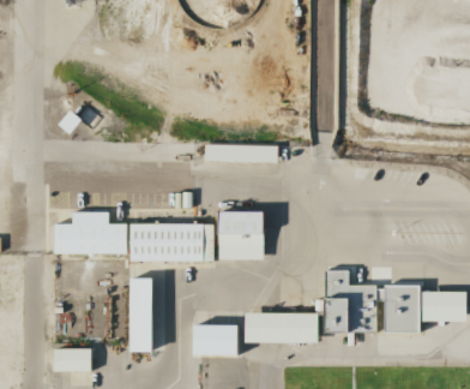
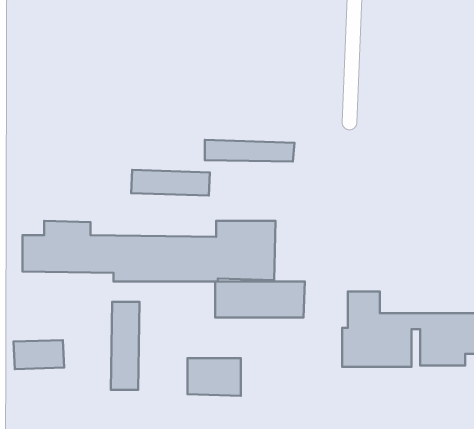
building: none -> [131,170,210,196]
building: [245,313,319,343] -> [215,282,305,318]
building: [54,348,96,372] -> [13,340,64,369]

